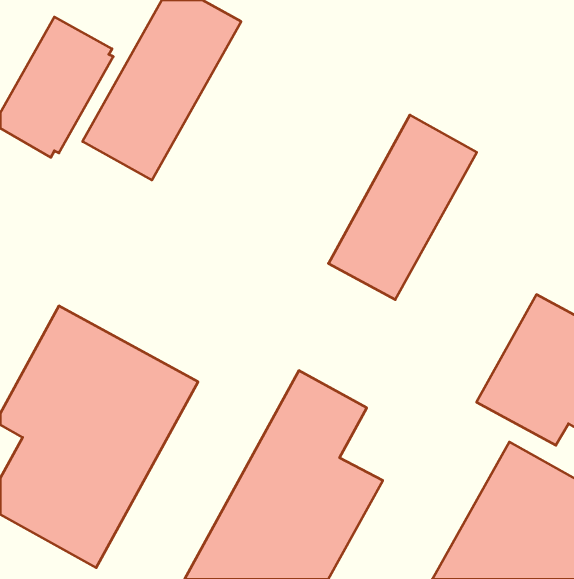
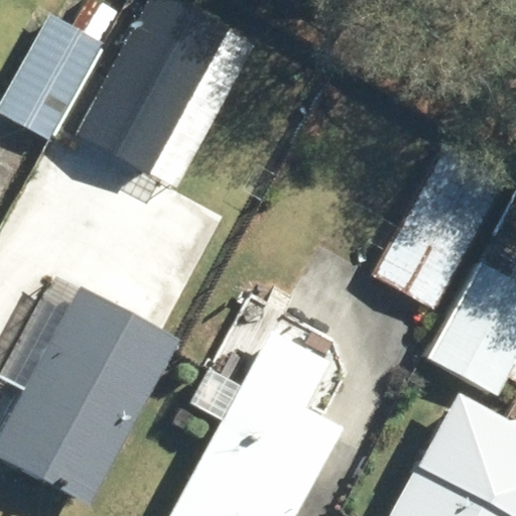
building: [328,115,477,300] -> [376,145,508,309]

